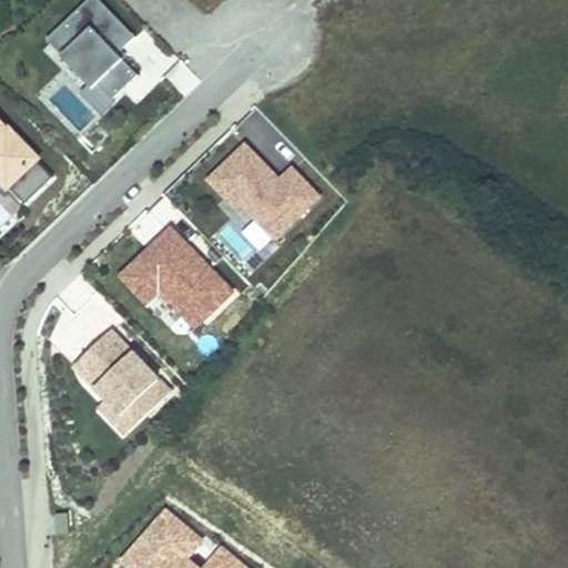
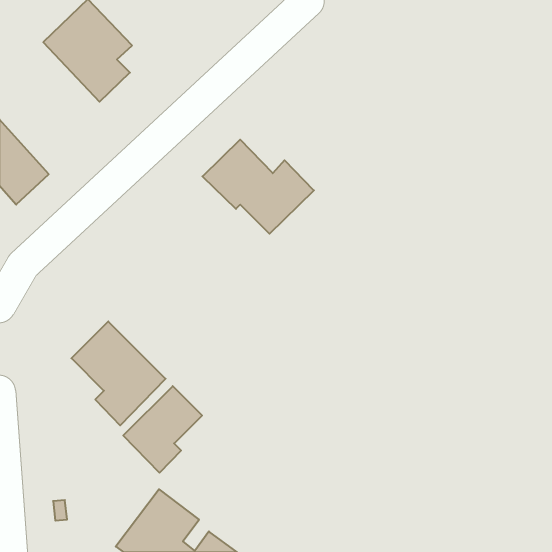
building: [115,224,233,324] -> none
building: none -> [123,386,202,473]

